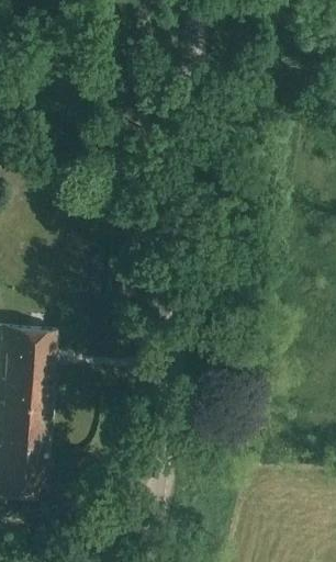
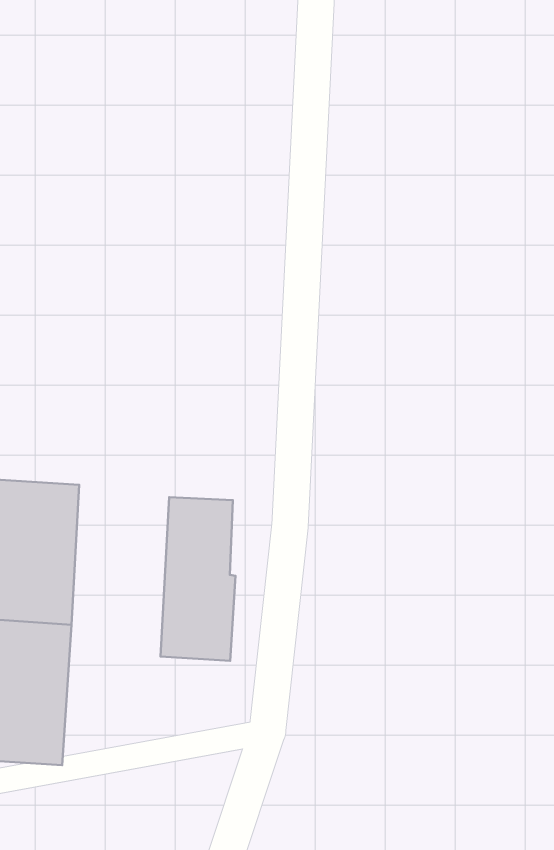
building: none -> [161,497,236,661]

